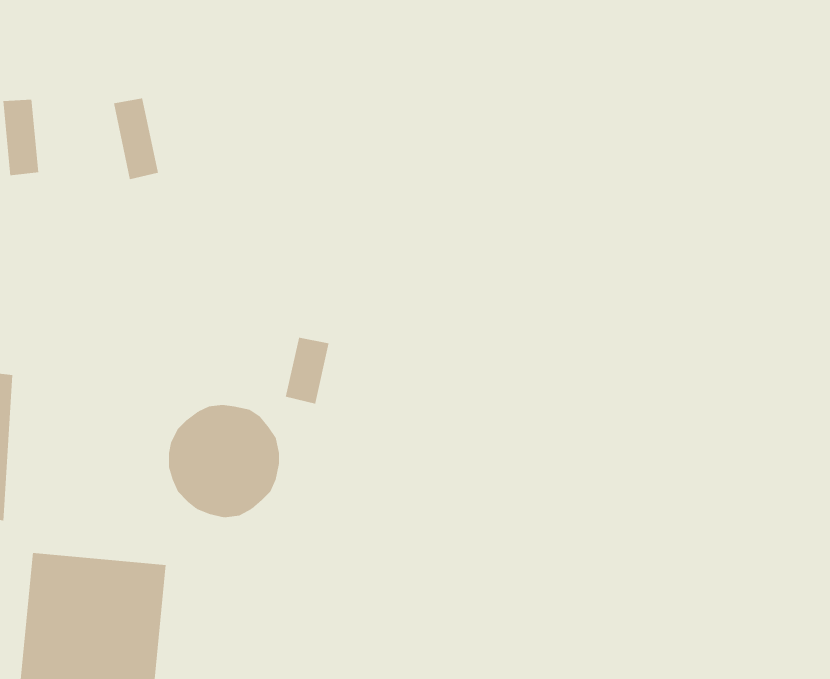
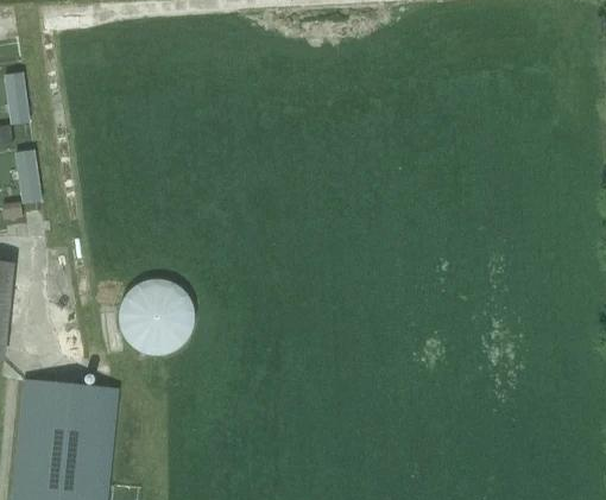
building: [113,98,159,180] -> [13,147,44,203]
building: [285,337,329,404] -> none

